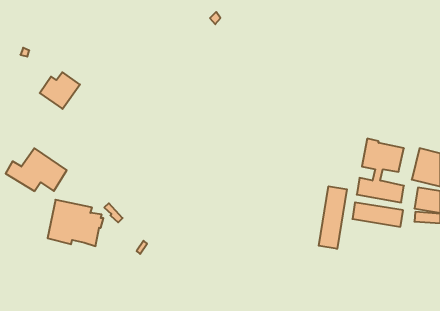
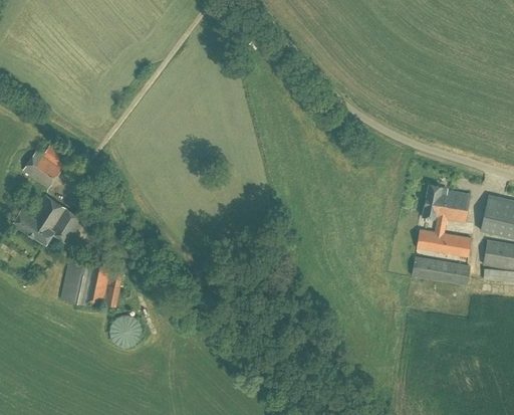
building: [40,72,80,109] -> [23,146,69,188]
building: [319,186,347,249] -> none
building: none -> [109,316,142,348]

